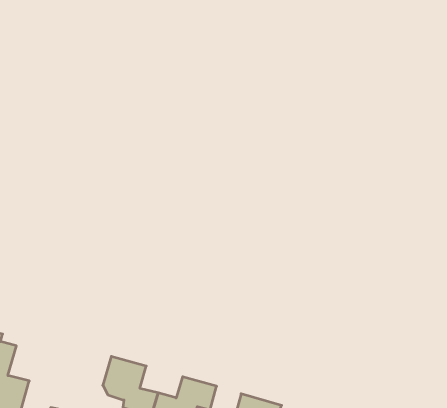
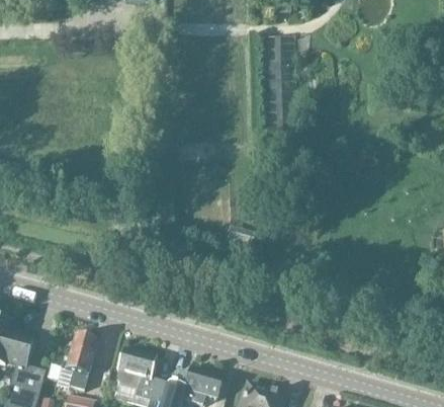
building: none -> [64,334,97,391]

